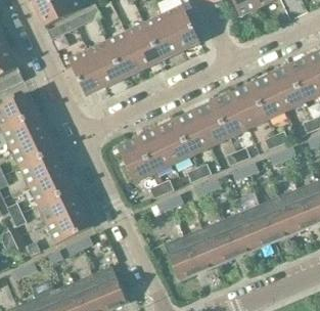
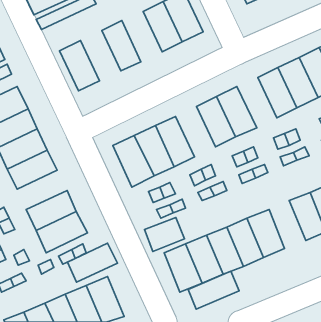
building: [125,24,162,70] -> none
building: [87,41,124,87] -> none
building: [230,84,267,130] -> none
building: [174,110,211,157] -> none
building: [29,169,75,205] -> [67,243,118,282]
building: [260,196,293,240] -> none
building: none -> [144,217,185,252]
building: none -> [188,271,239,309]

